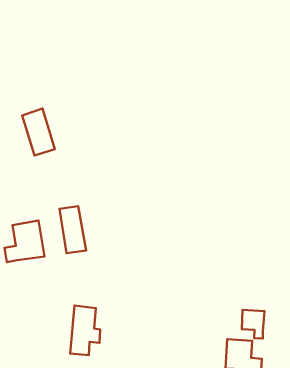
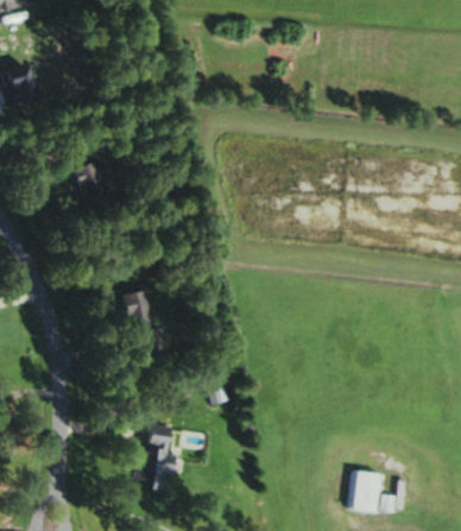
building: [5,221,44,262] -> none
building: [242,310,265,339] -> none

